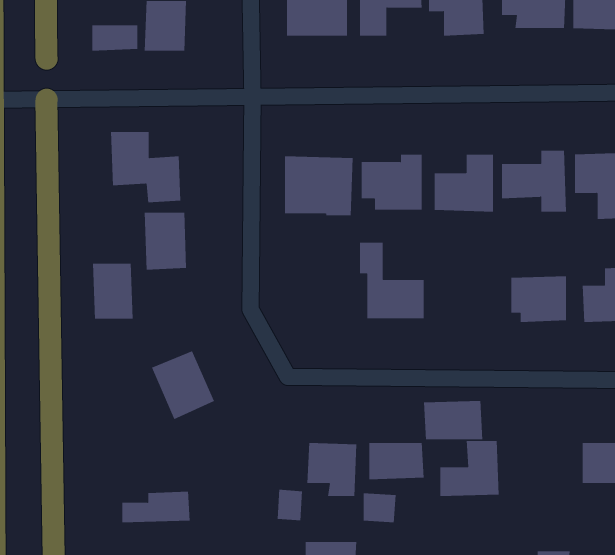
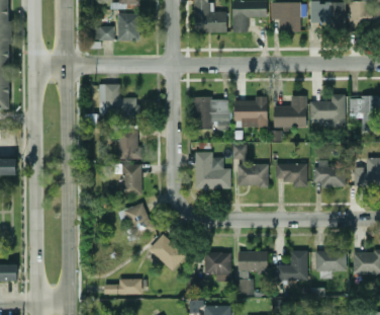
building: none -> [194,152,230,189]
building: [92,263,133,319] -> [119,164,141,194]
building: none -> [275,163,307,187]
building: [423,400,483,440] -> [314,250,347,271]
building: none -> [149,233,187,271]

